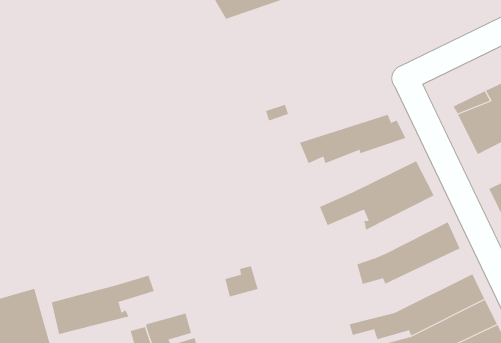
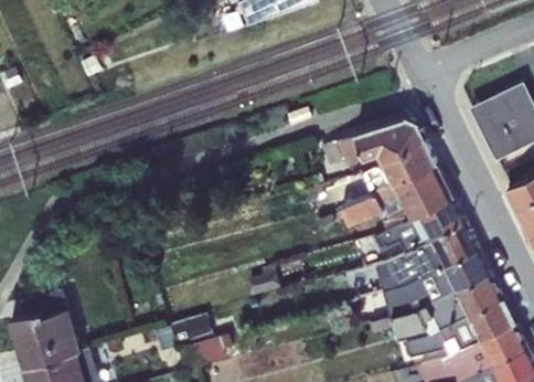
building: none -> [331,142,434,210]
building: none -> [374,199,464,255]
building: none -> [382,251,489,319]
building: [51,275,155,335] -> none

